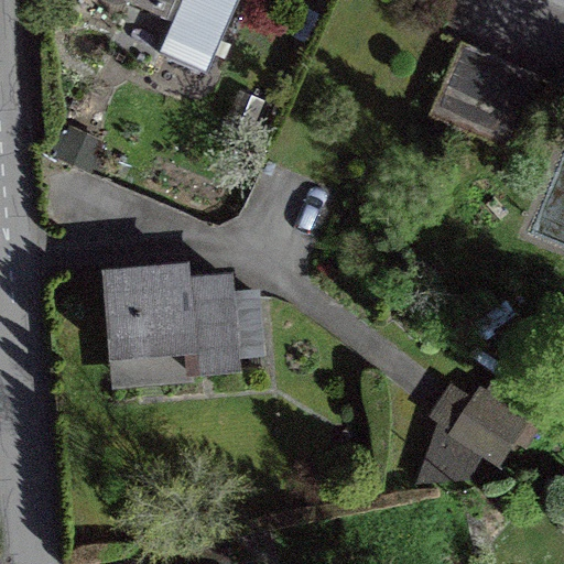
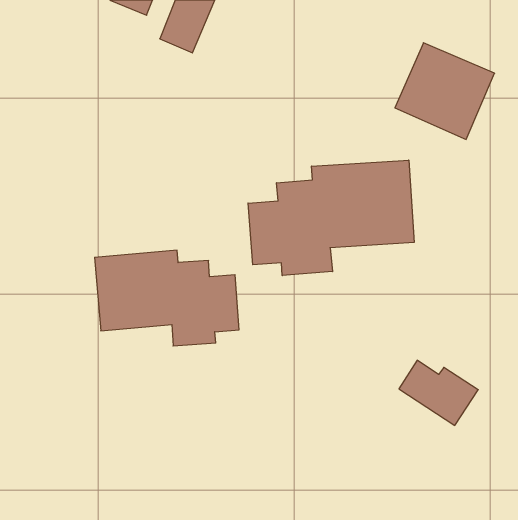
building: none -> [248,160,414,276]

